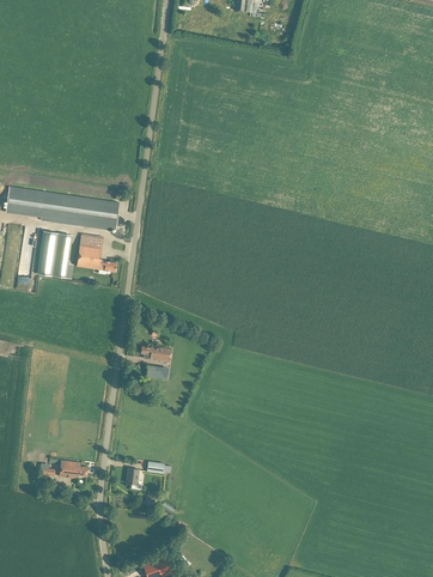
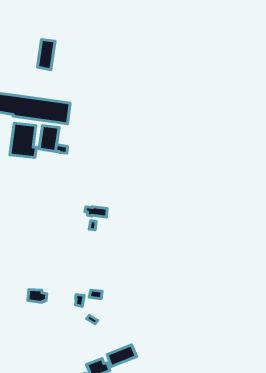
building: none -> [38,40,55,70]
building: none -> [107,345,136,367]

